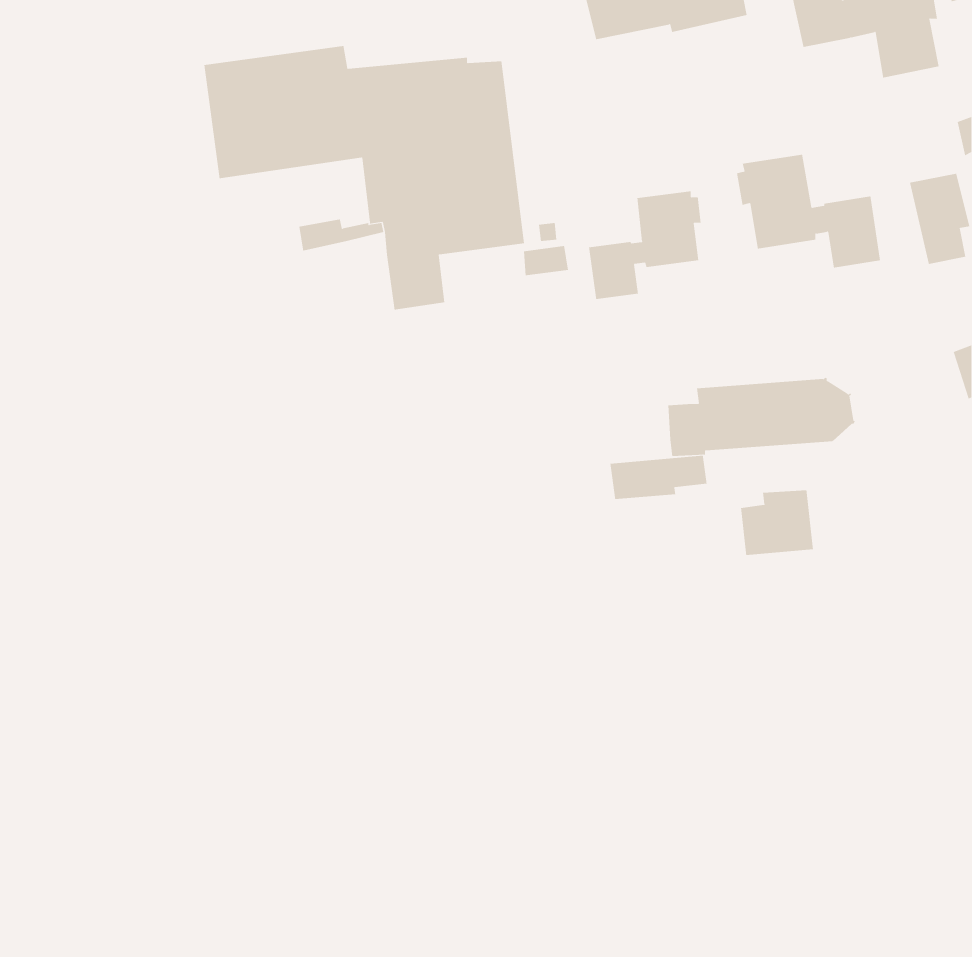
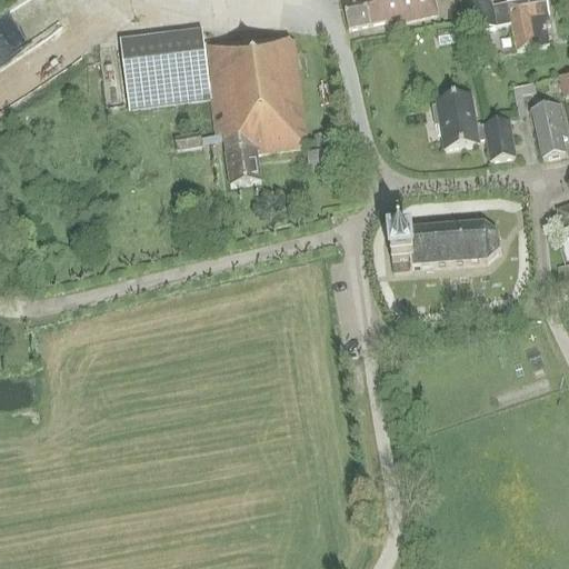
building: [588,190,701,300] -> none
building: [610,455,707,500] -> none
building: [741,489,814,556] -> none

